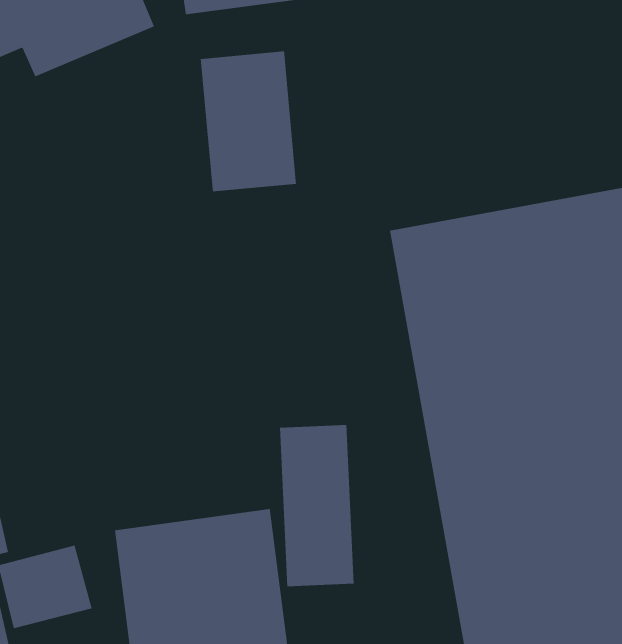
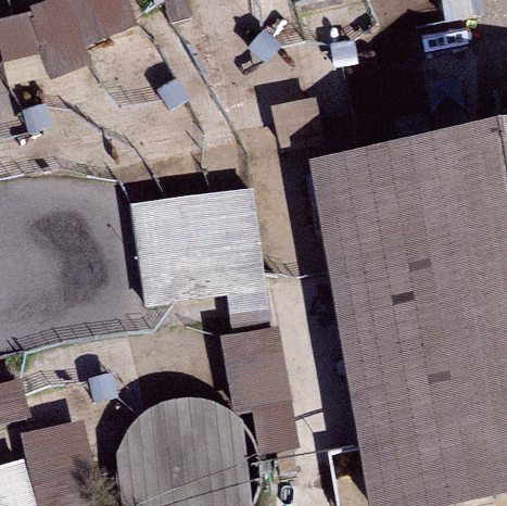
building: [200,51,297,192] -> none
building: none -> [134,188,263,293]

